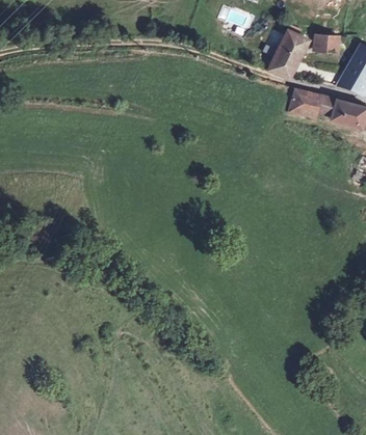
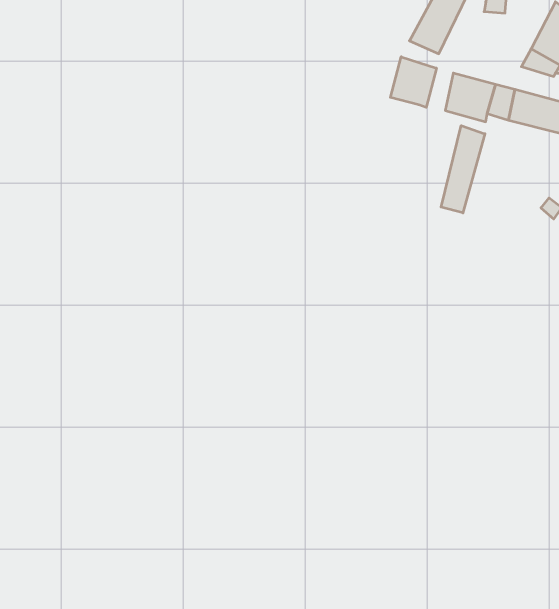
building: none -> [390,57,436,107]
building: none -> [441,126,485,213]

